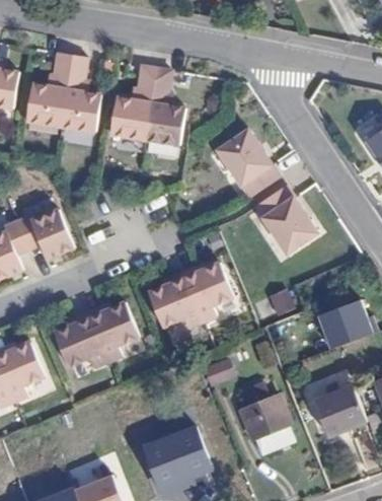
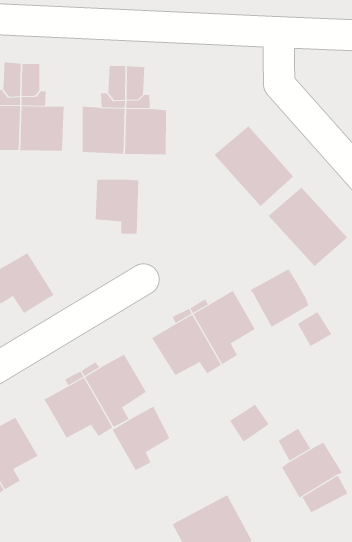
building: none -> [95,179,139,234]
building: none -> [250,268,309,328]
building: none -> [112,406,170,471]

